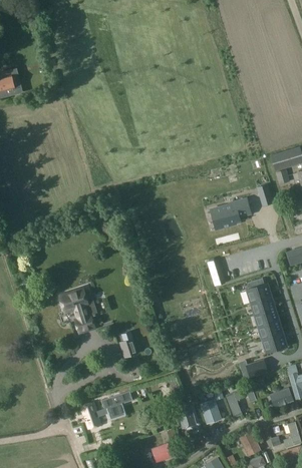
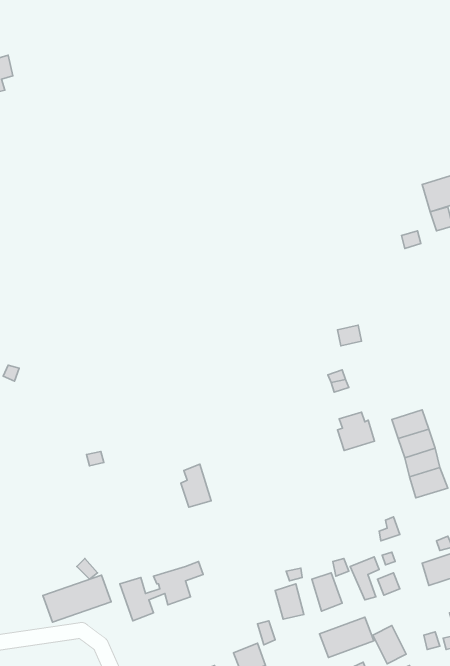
building: [210,198,250,228] -> none
building: [247,279,270,303] -> [338,412,374,451]
building: [59,288,97,334] -> none
building: none -> [43,575,111,622]
building: none -> [320,617,374,658]

